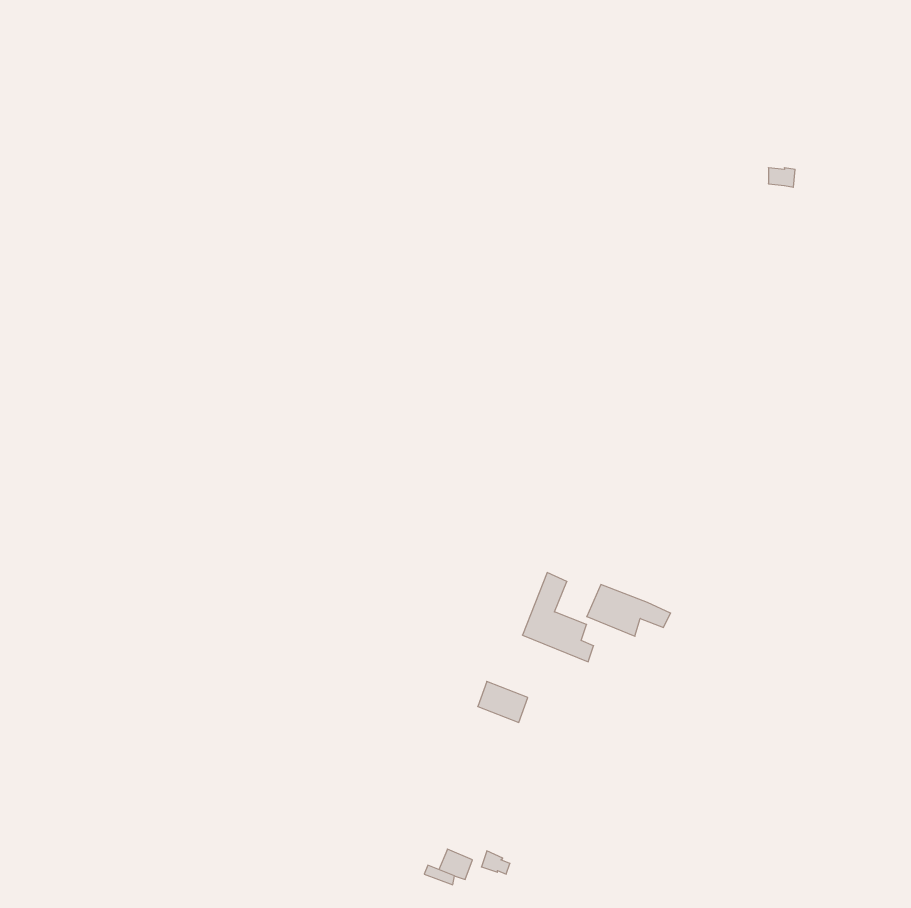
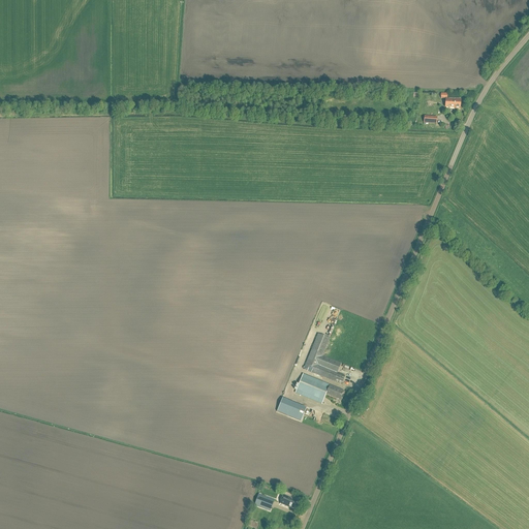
building: [587,585,671,636] -> [294,373,343,403]

